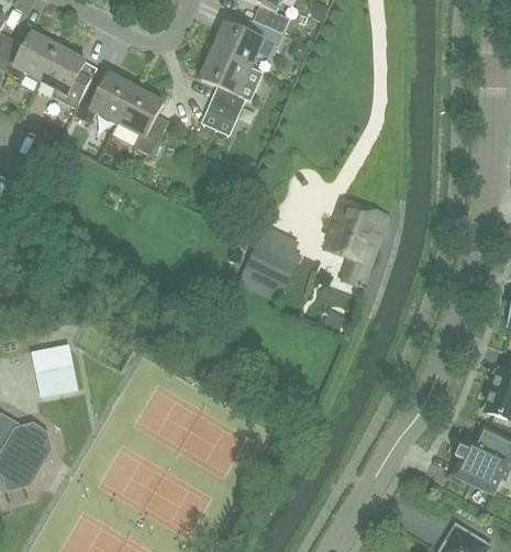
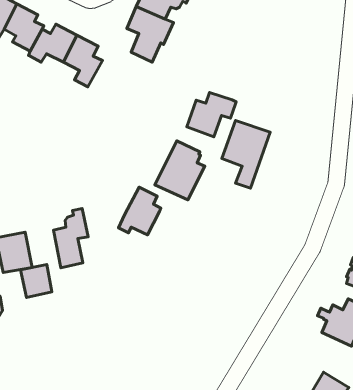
building: none -> [187,92,236,137]
building: none -> [119,187,161,235]
building: none -> [54,209,88,268]
building: none -> [21,265,52,298]

